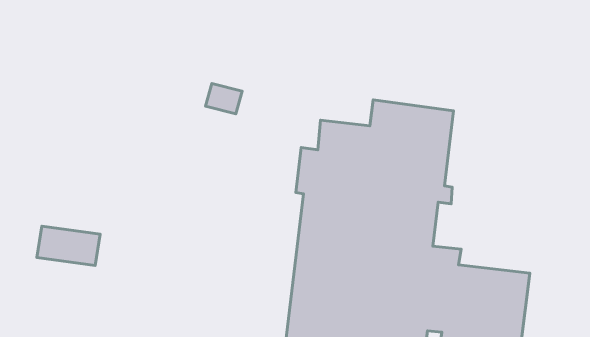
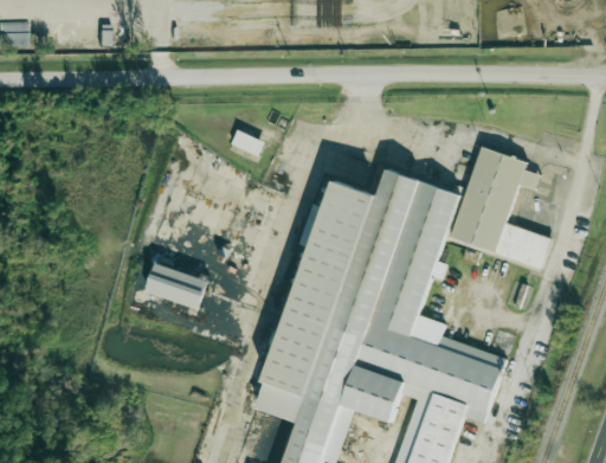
building: none -> [451,147,549,268]
building: [37,226,100,266] -> [146,264,208,309]

